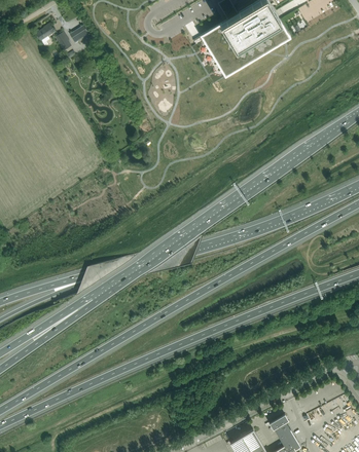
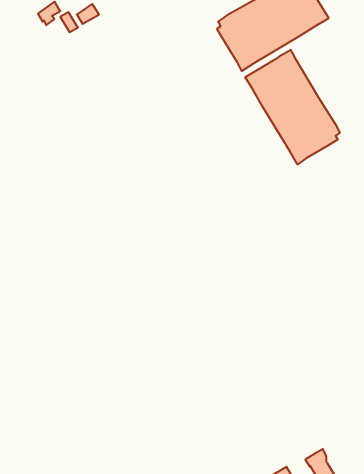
building: none -> [245,50,340,164]

